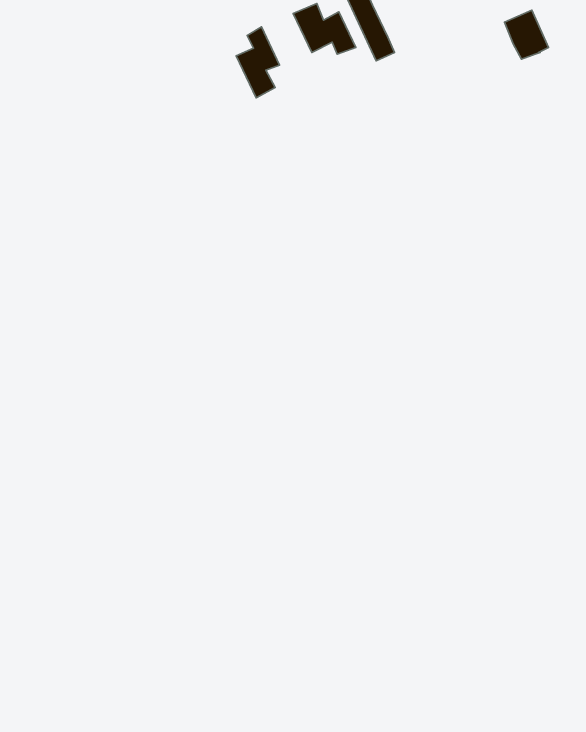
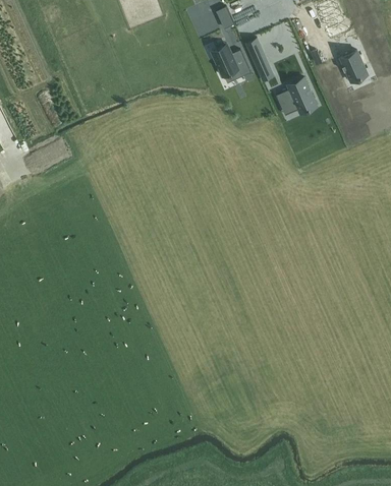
building: [236,27,280,98] -> none
building: none -> [276,78,316,112]

